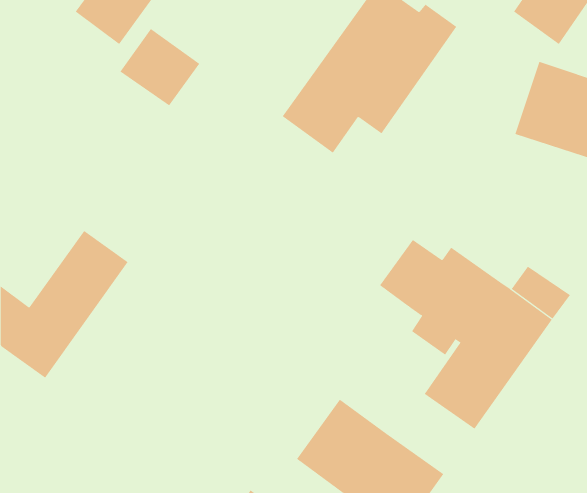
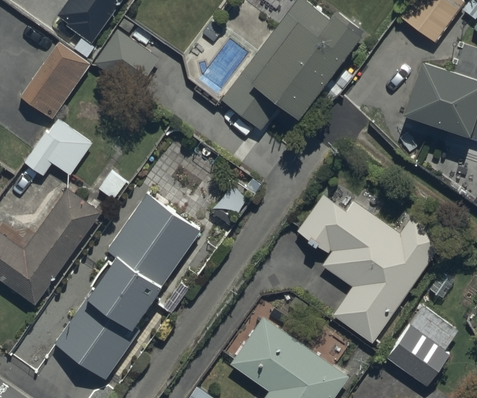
building: none -> [21,45,88,119]
building: none -> [25,119,93,177]
building: none -> [56,196,201,382]
building: none -> [389,326,452,387]

